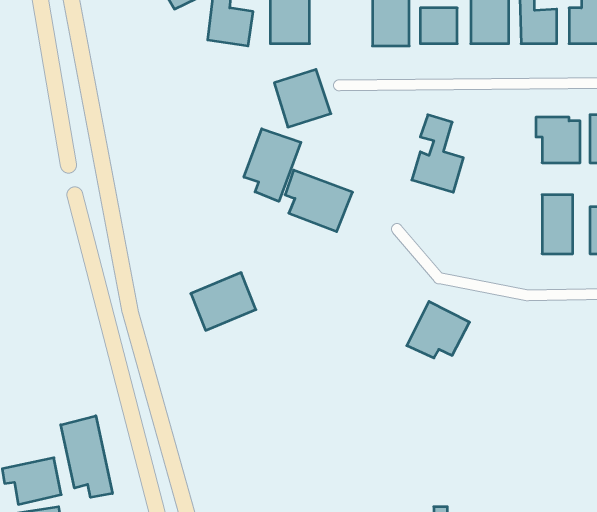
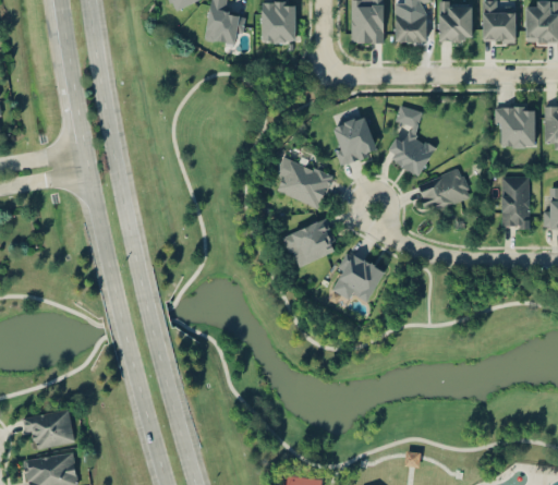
building: [274,69,331,127] -> [328,114,378,166]
building: [244,129,301,201] -> none
building: none -> [415,167,472,214]
building: [191,273,256,330] -> [281,217,339,268]
building: [407,301,470,358] -> [329,251,385,301]
building: [61,416,112,497] -> none

